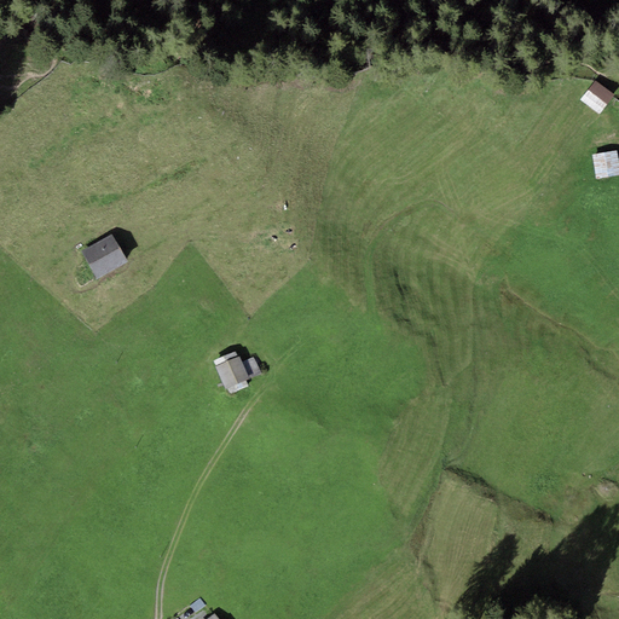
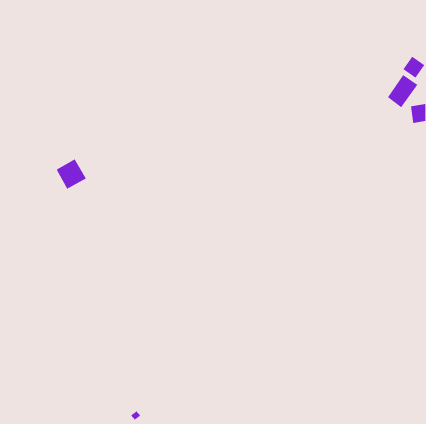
building: none -> [387,74,418,108]
building: [218,353,250,394] -> none

